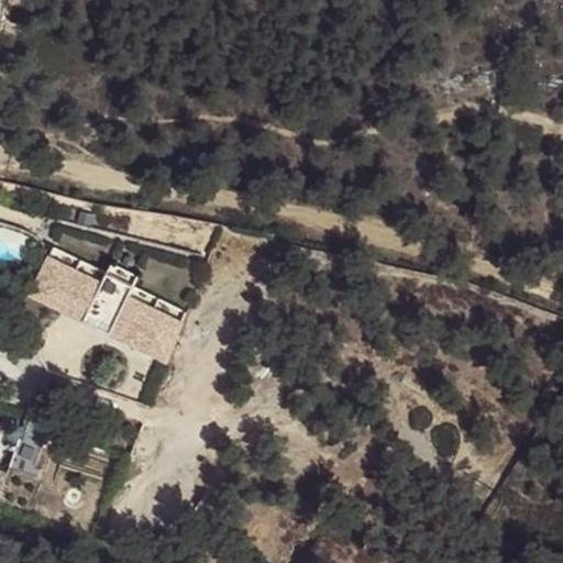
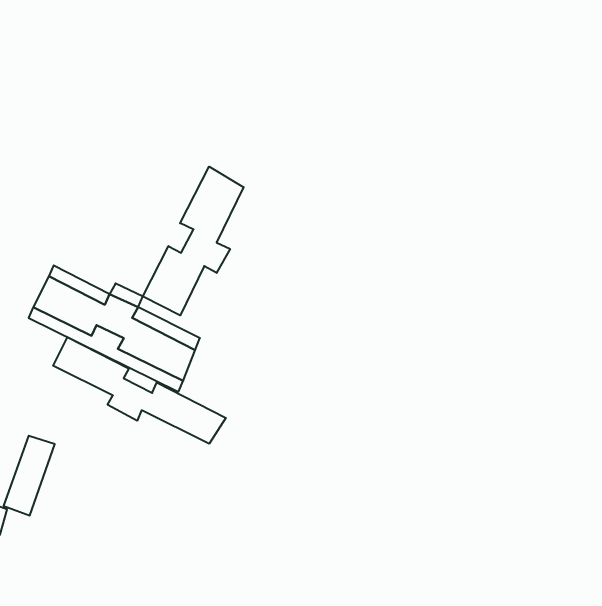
building: none -> [143,167,244,315]
building: none -> [53,337,226,444]

